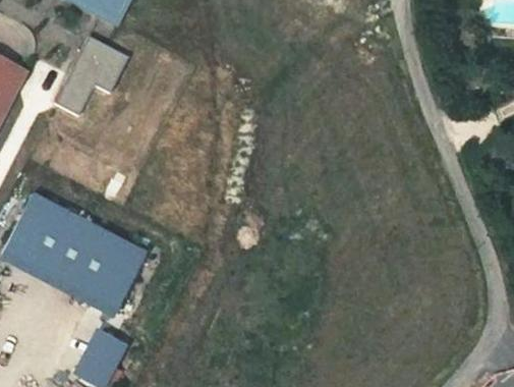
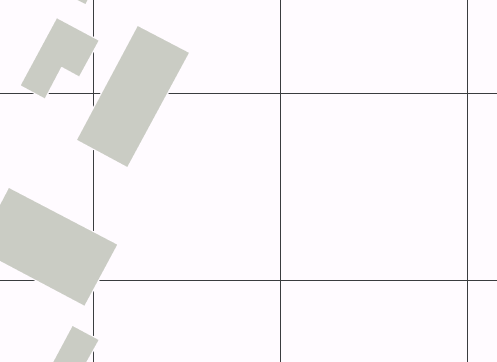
building: none -> [76,25,190,168]

